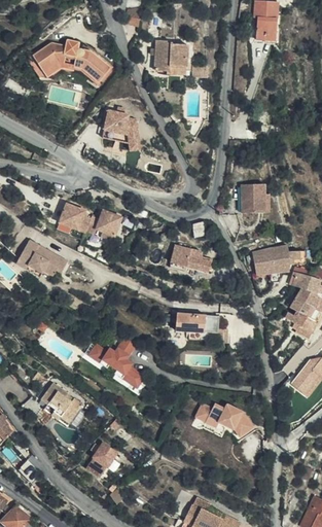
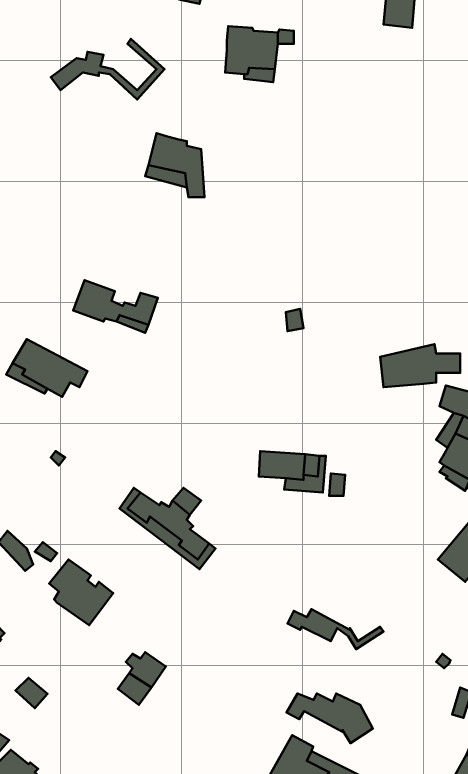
building: [30,36,109,80] -> none
building: [242,182,266,213] -> none
building: [169,243,212,272] -> none
building: [198,403,253,435] -> [286,693,373,743]

